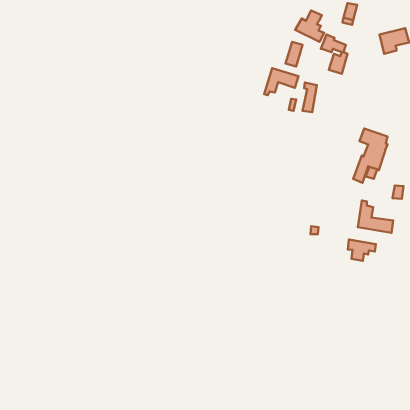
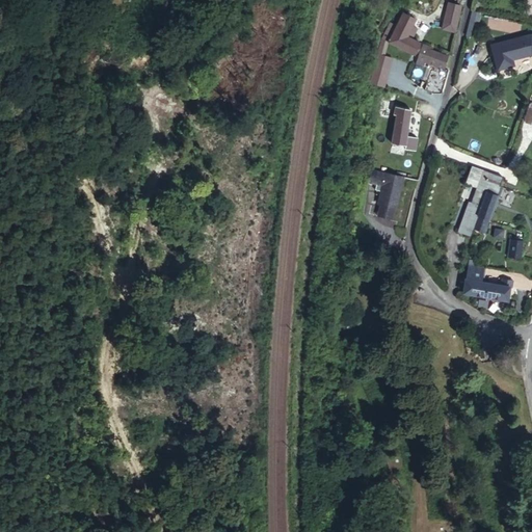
building: [264,68,299,95] -> none
building: none -> [370,169,403,211]
building: [348,240,376,261] -> none

